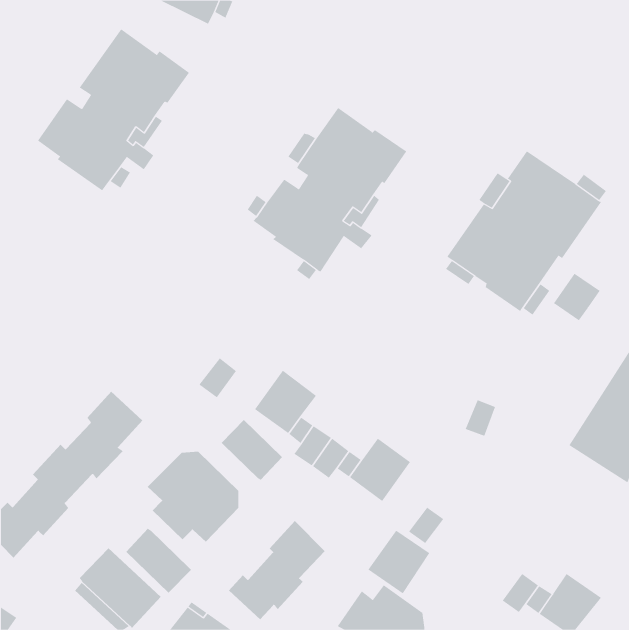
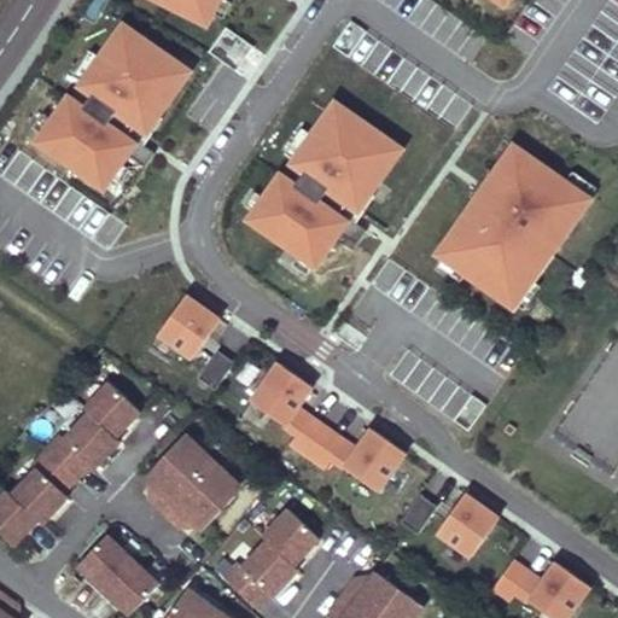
building: [553,273,600,321] -> none
building: none -> [158,296,218,358]
building: [221,419,283,481] -> none
building: [125,528,192,593] -> none
building: [367,530,430,594] -> [436,495,497,558]

